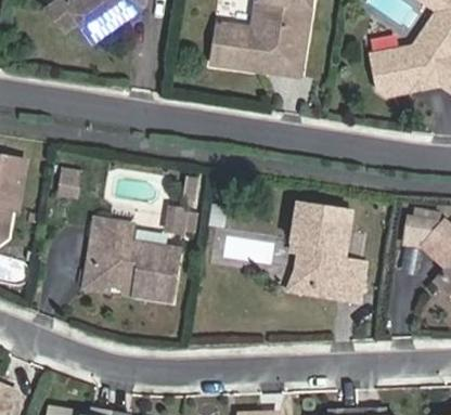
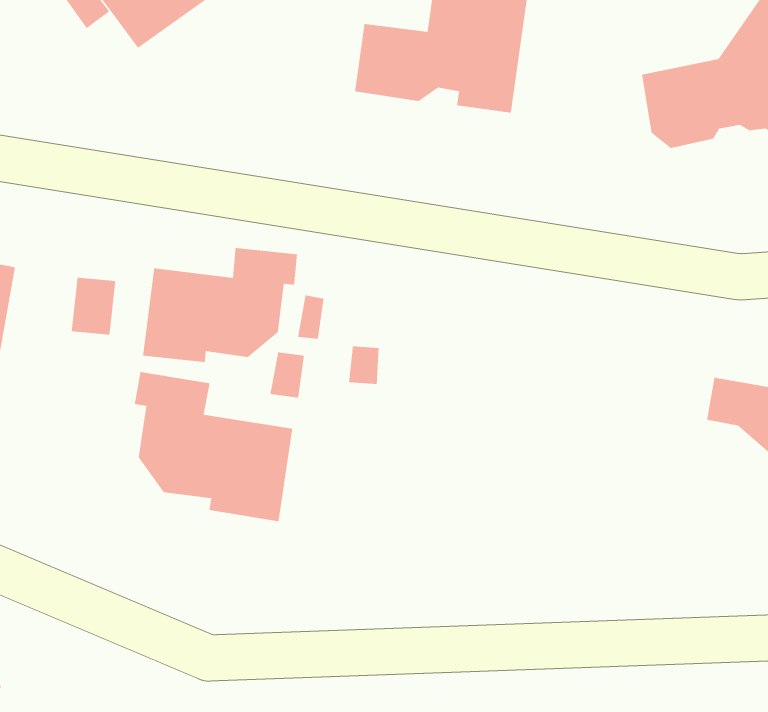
building: none -> [142,247,298,363]
building: [292,203,365,301] -> none

